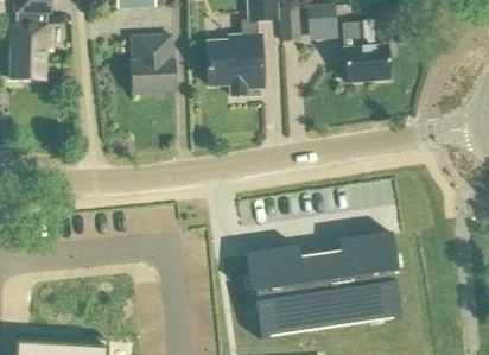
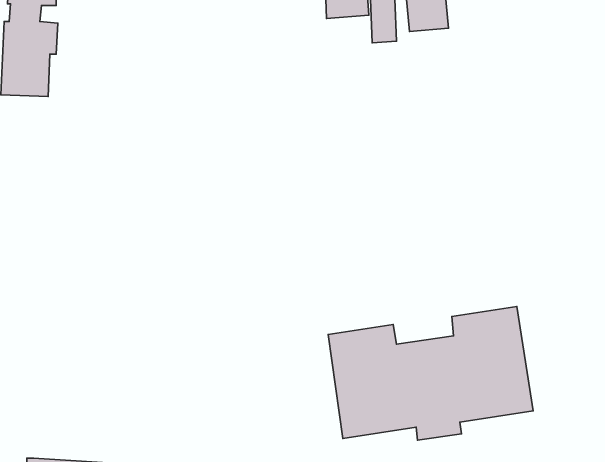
building: [341,20,389,82] -> none
building: [131,33,174,94] -> none
building: [203,36,265,95] -> none

